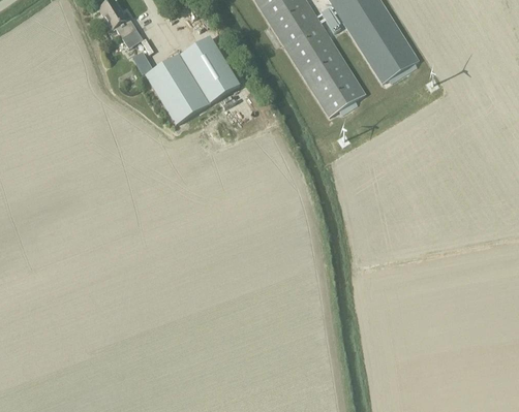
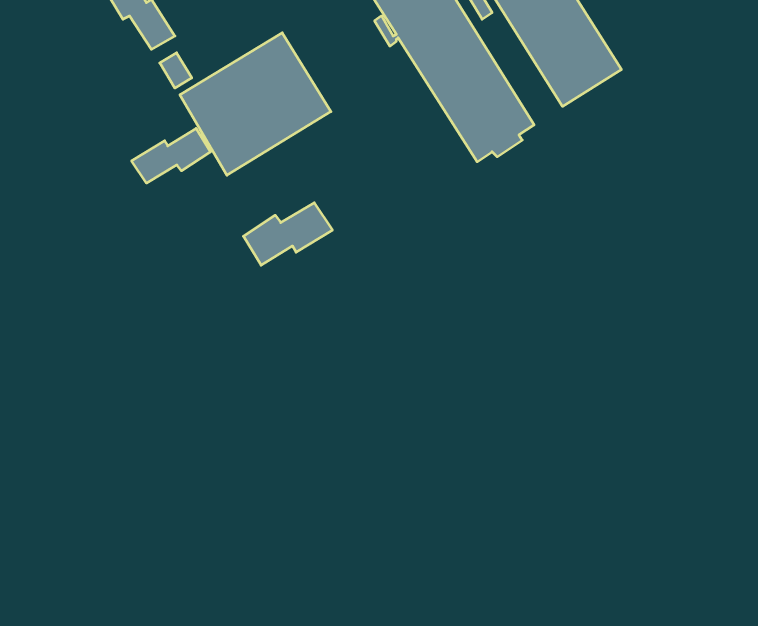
building: none -> [132,128,210,183]
building: none -> [243,203,332,265]

